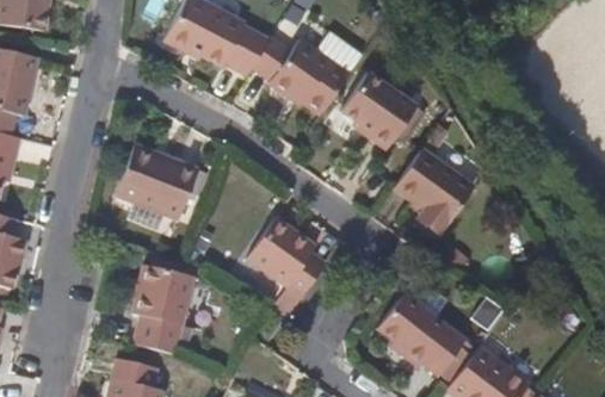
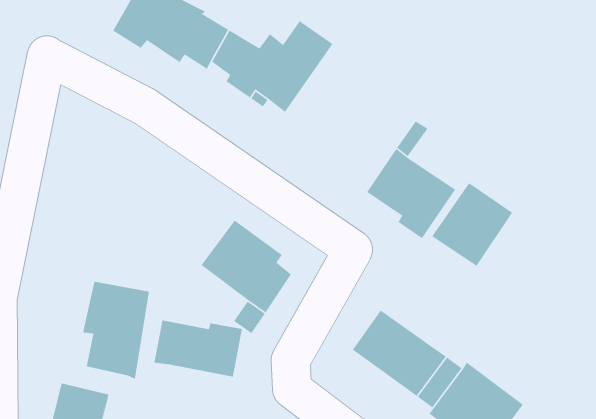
building: [341,73,418,153] -> none
building: [117,156,197,222] -> none
building: none -> [431,182,513,267]
building: none -> [153,320,243,377]

